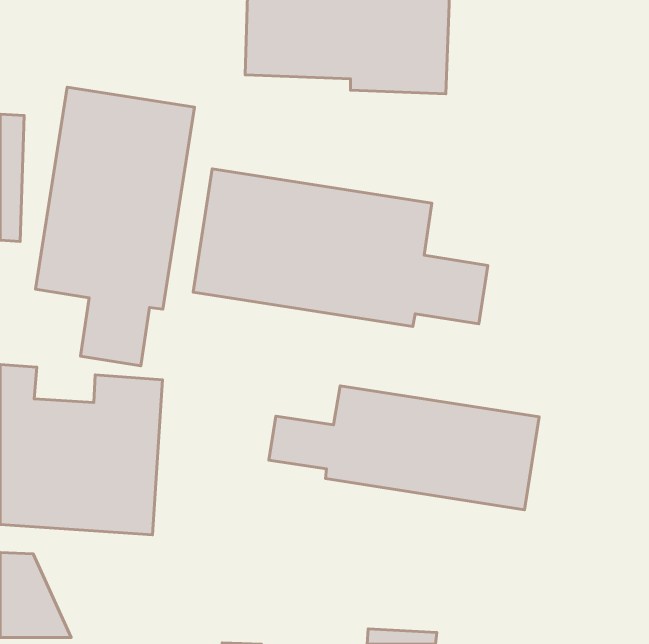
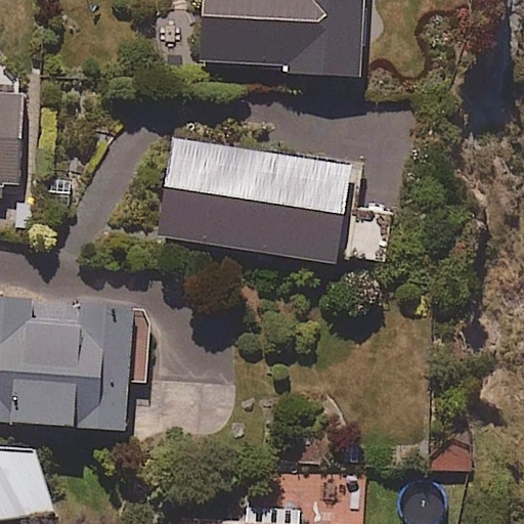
building: [36,87,194,366] -> none
building: [269,386,539,510] -> none

